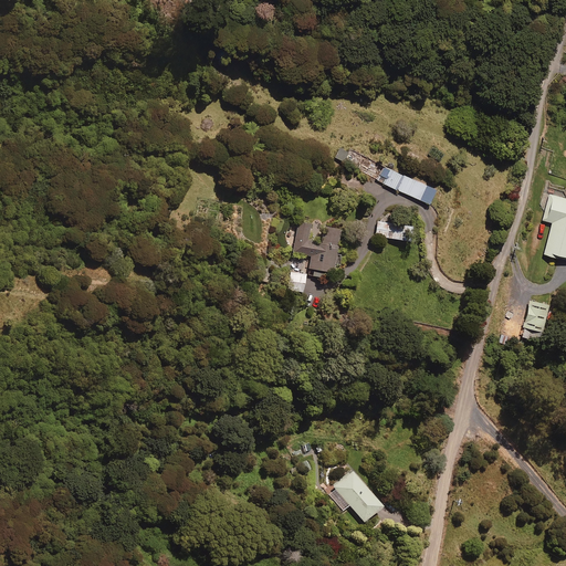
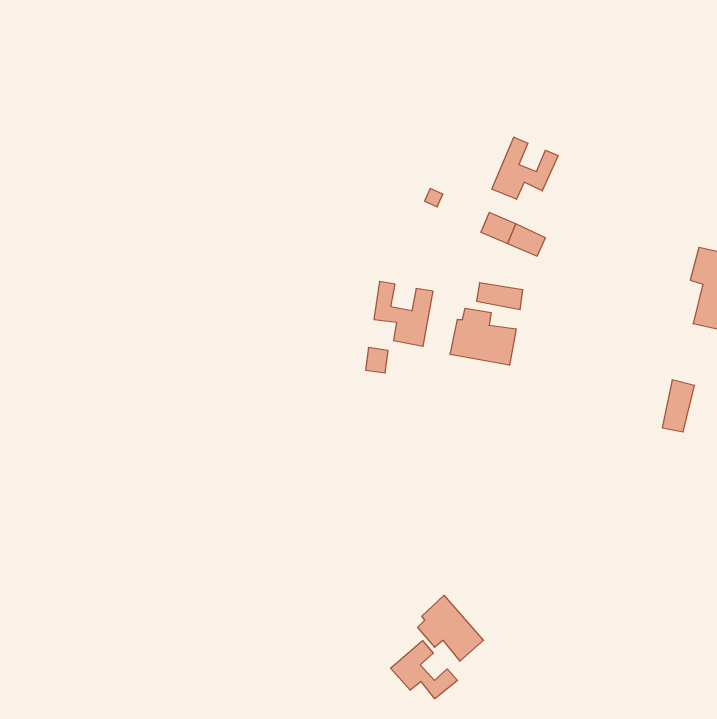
building: none -> [492,137,558,199]
building: none -> [450,308,516,365]
building: none -> [391,641,457,699]

